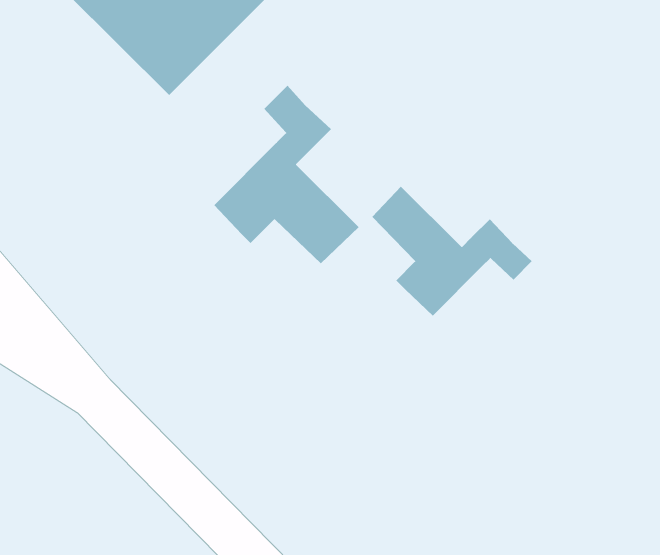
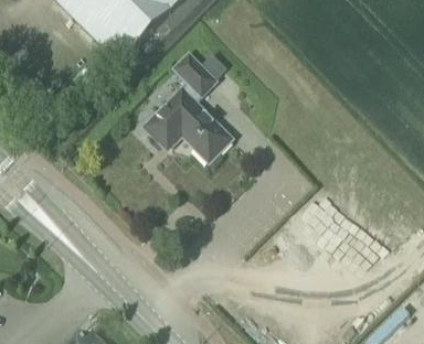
building: [372,186,533,316] -> none

